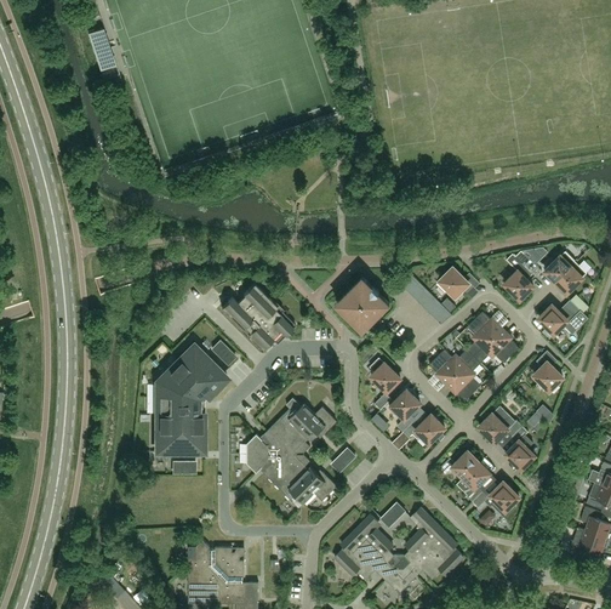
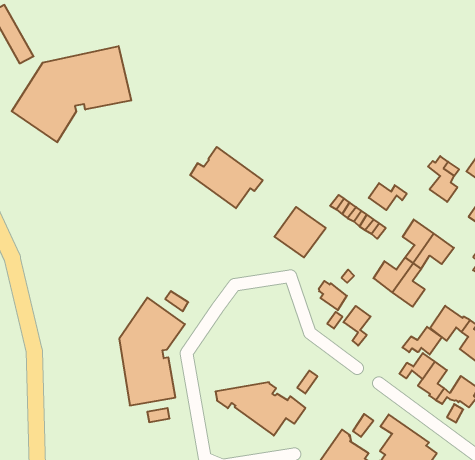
building: none -> [12,46,131,142]
building: [221,284,295,351] -> [190,147,263,208]
building: [246,398,337,454] -> none
building: [401,415,444,444] -> [402,327,442,355]

